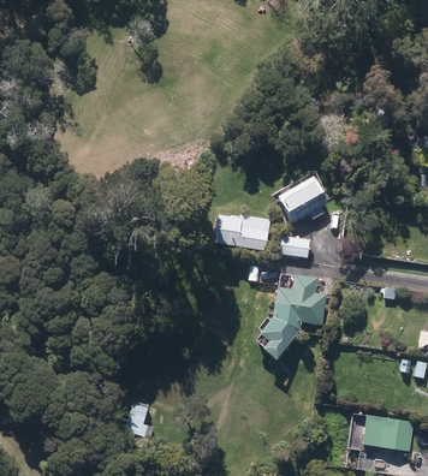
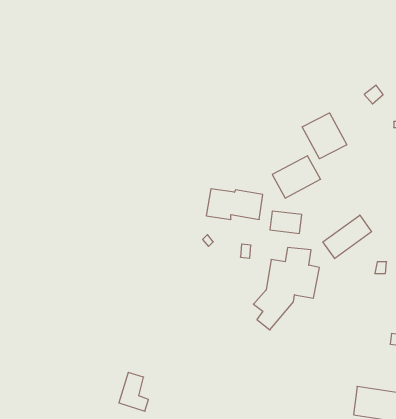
building: none -> [302,113,347,159]
building: none -> [323,215,372,259]

